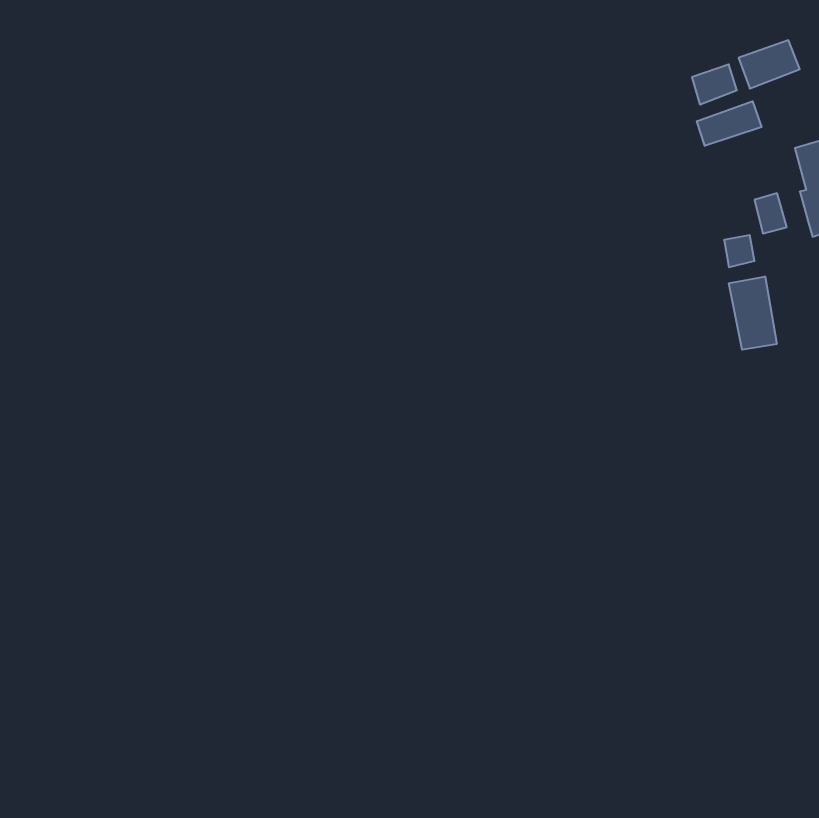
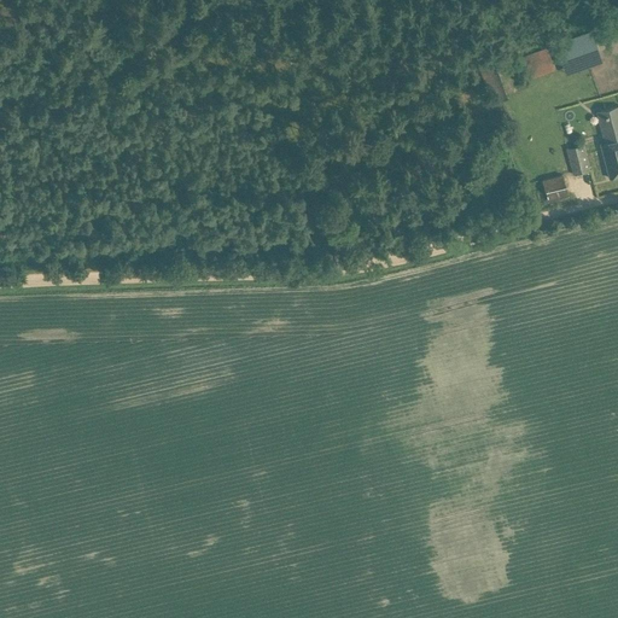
building: [697,101,762,146] -> none
building: [729,276,777,350] -> none

